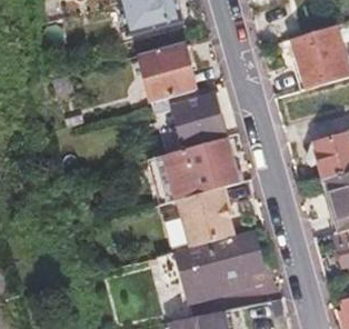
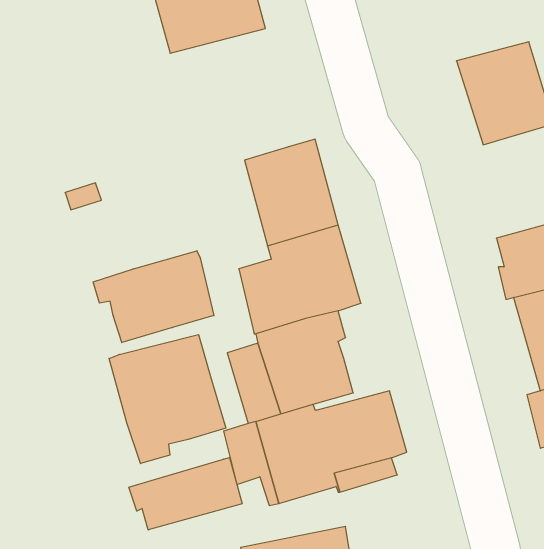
building: [138,42,195,102] -> none
building: none -> [93,251,214,343]
building: none -> [109,335,226,464]
building: none -> [129,458,242,530]

